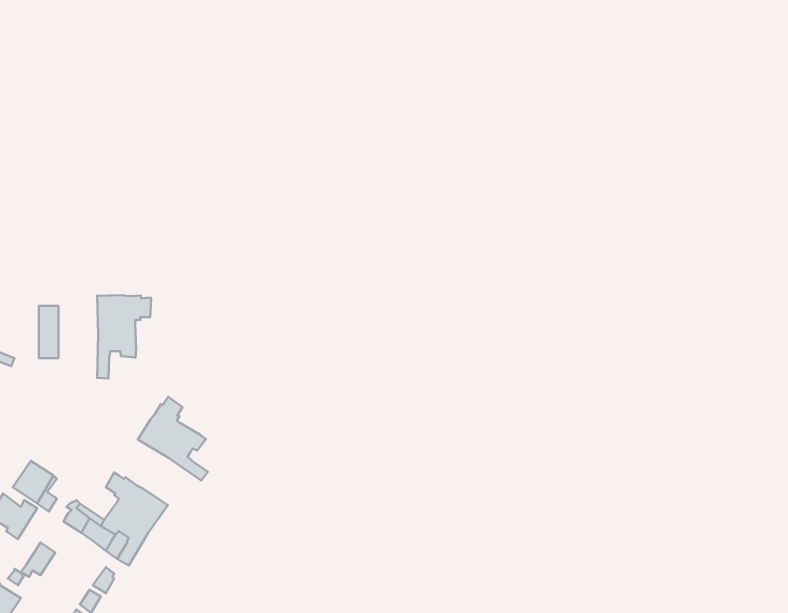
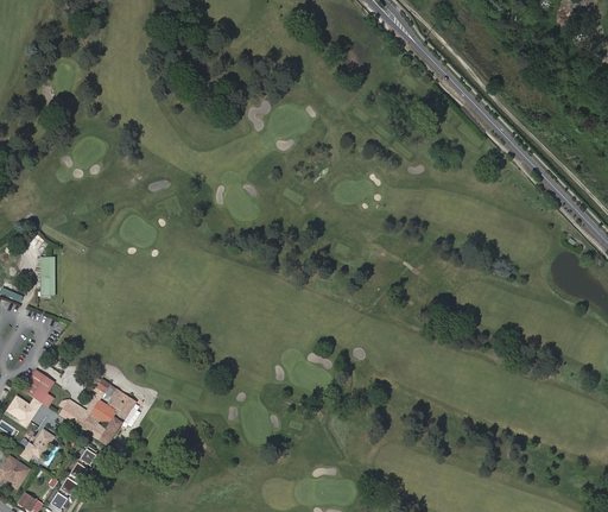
building: [97,295,151,379] -> none
building: [138,397,208,481] -> none

